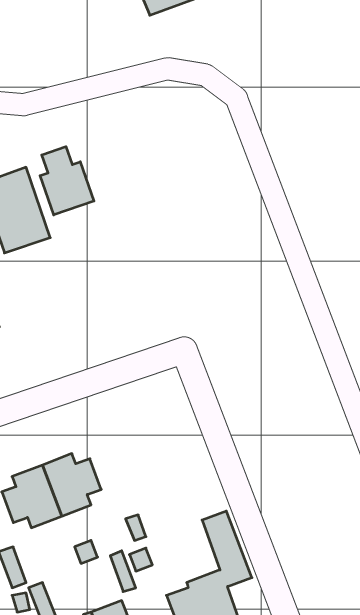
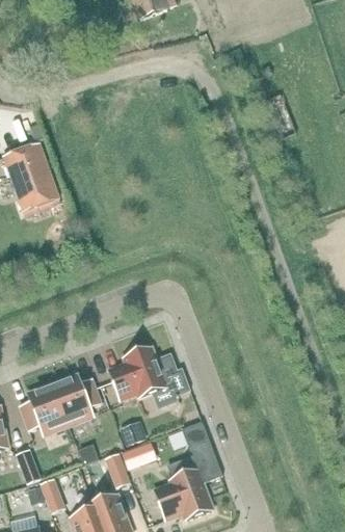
building: [40,147,94,215] -> none
building: none -> [107,346,188,400]

